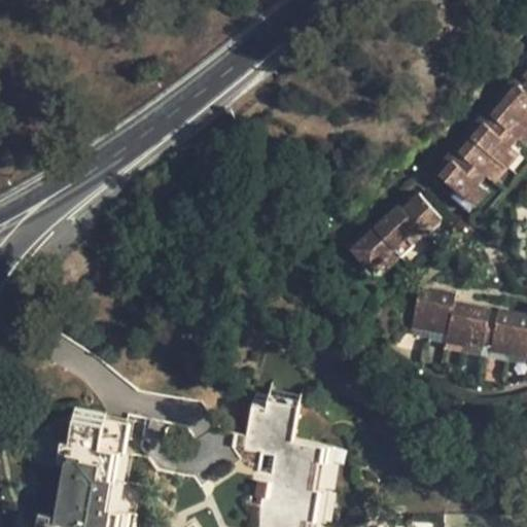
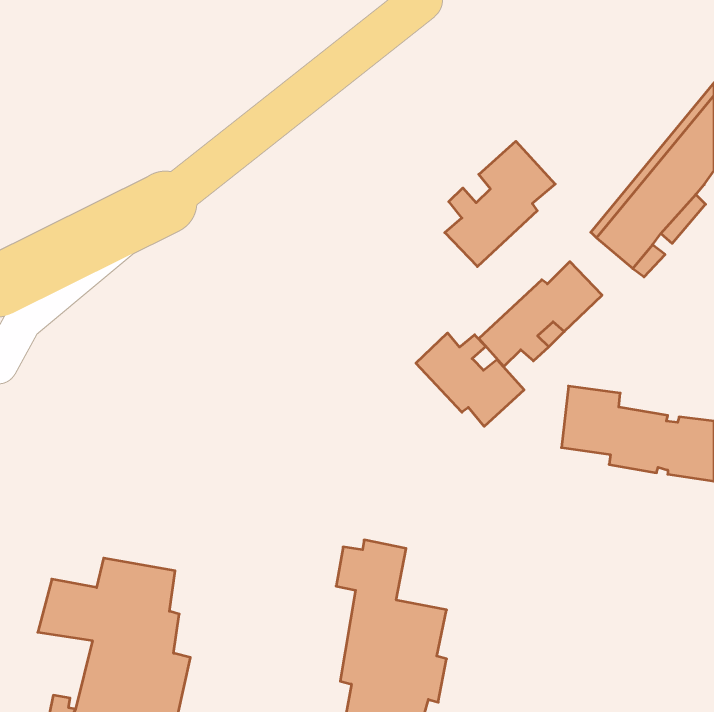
building: none -> [445,141,555,267]
building: none -> [416,333,524,426]

